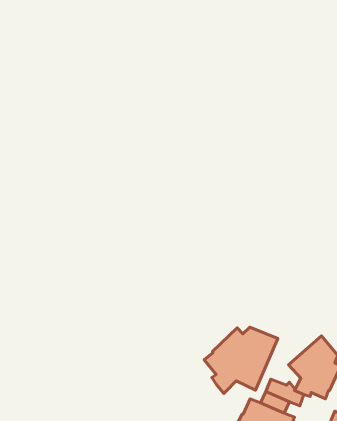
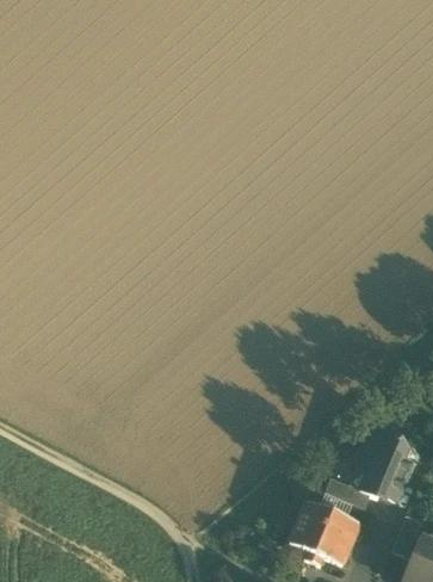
building: [204,327,278,393] -> none

